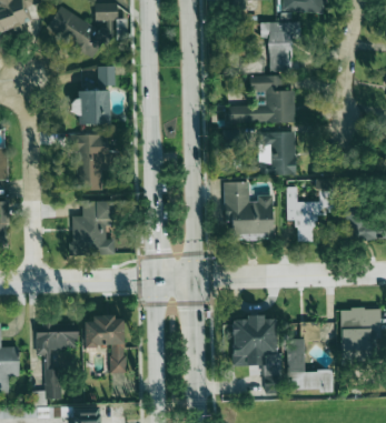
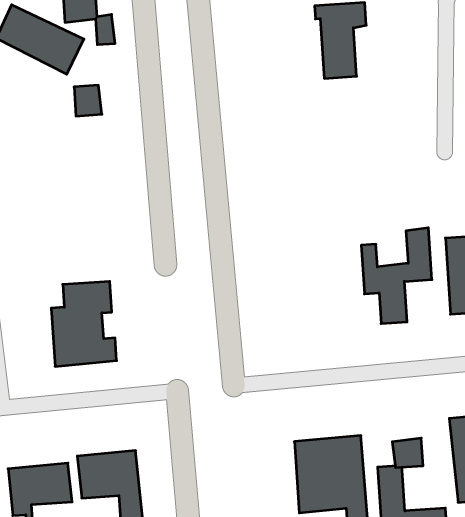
building: [227,75,296,123] -> none
building: [73,91,110,125] -> none
building: [259,132,296,177] -> none
building: [71,135,118,190] -> none
building: [226,183,274,240] -> none

